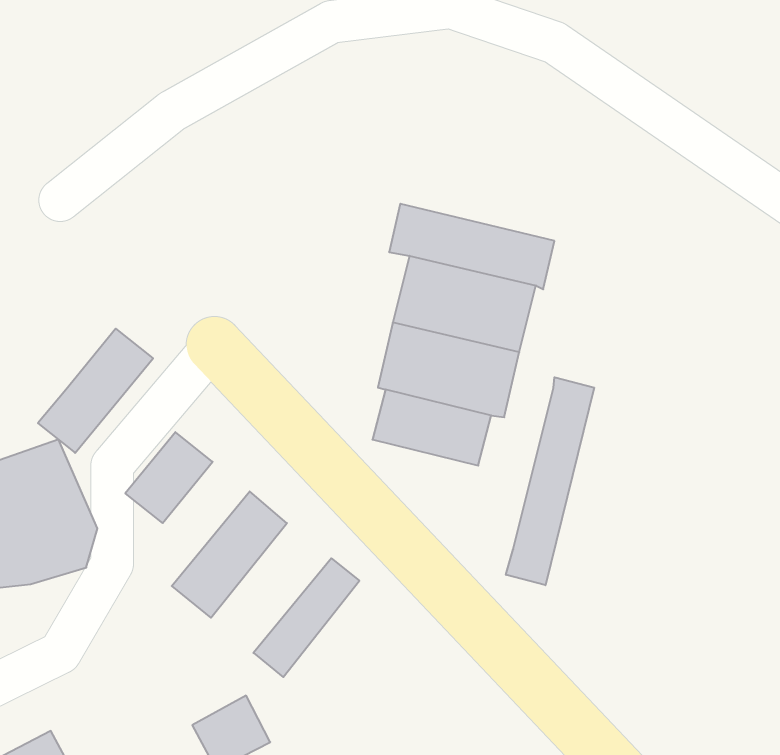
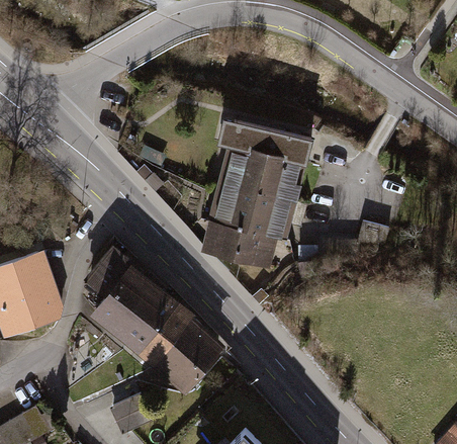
building: [38,329,153,453] -> [84,262,147,330]
building: [506,377,594,585] -> none
building: none -> [125,295,191,366]
building: none -> [165,327,221,391]

